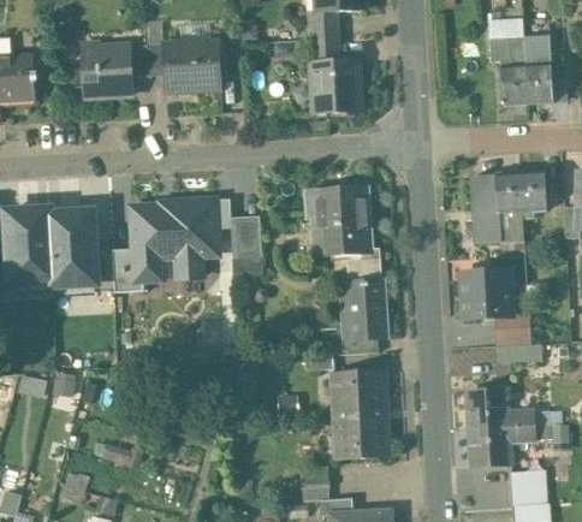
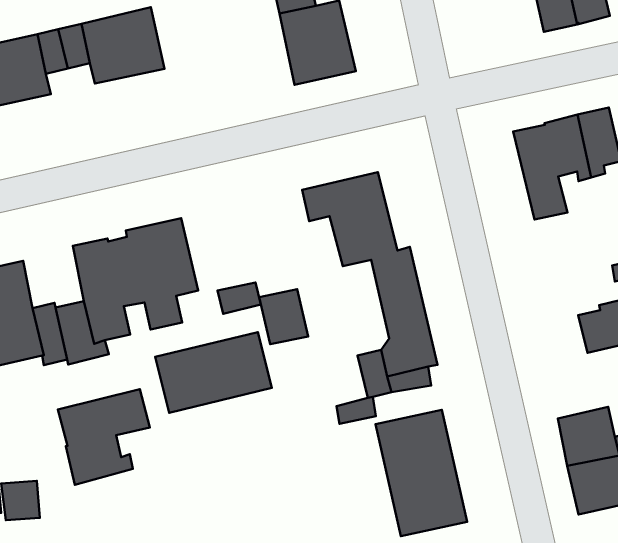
building: [231,219,262,256] -> [259,289,308,344]
building: [462,271,512,320] -> none
building: none -> [155,332,272,413]
building: none -> [58,389,150,485]

